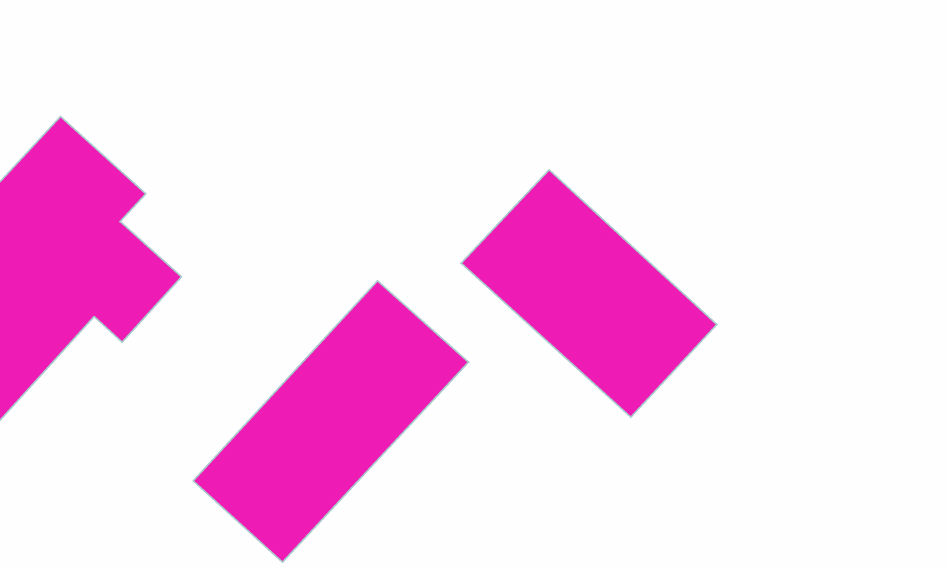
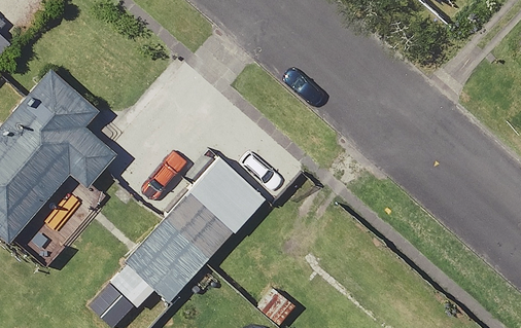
building: [461,170,717,417] -> none

